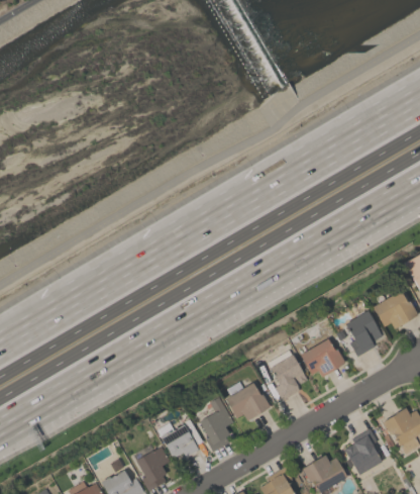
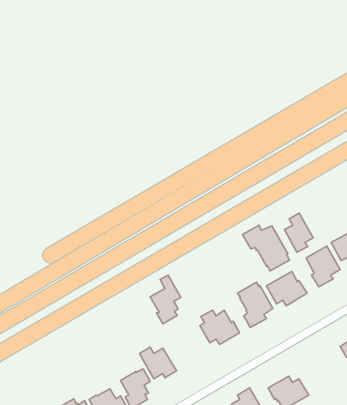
building: none -> [284,213,313,252]
building: none -> [243,225,290,271]
building: [200,397,234,452] -> [150,275,181,324]
building: [345,428,383,475] -> none

